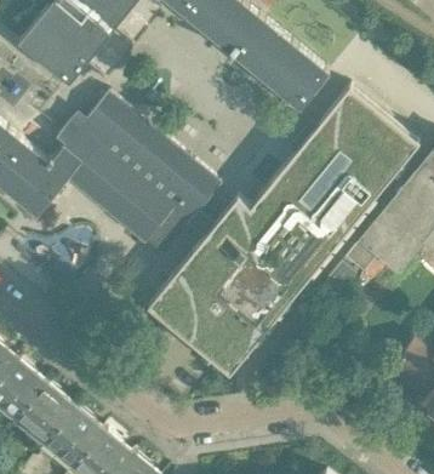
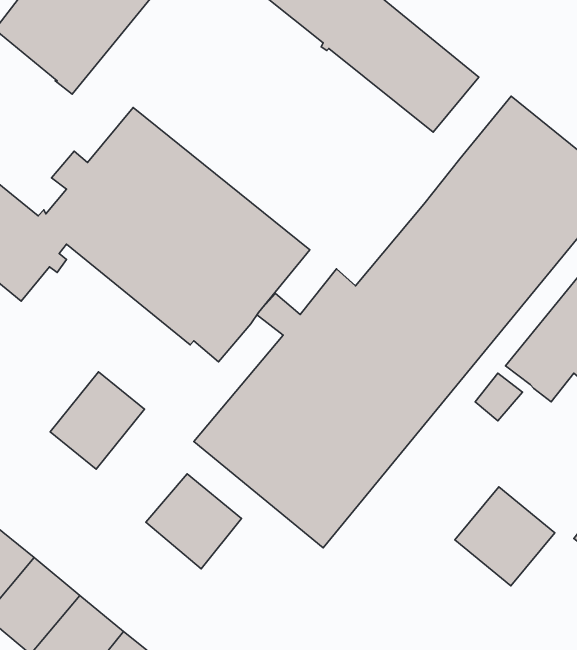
building: none -> [50,372,145,469]
building: none -> [146,474,241,569]
building: none -> [455,487,555,586]

